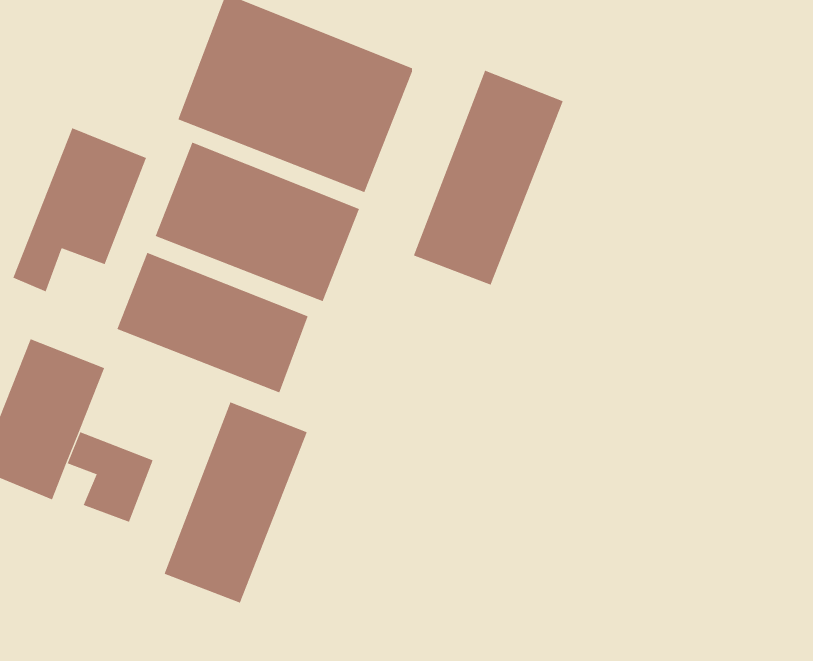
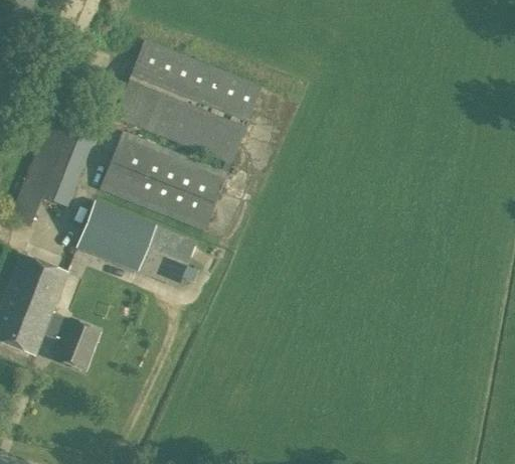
building: [413,70,564,286] -> none
building: [164,401,307,603] -> none

